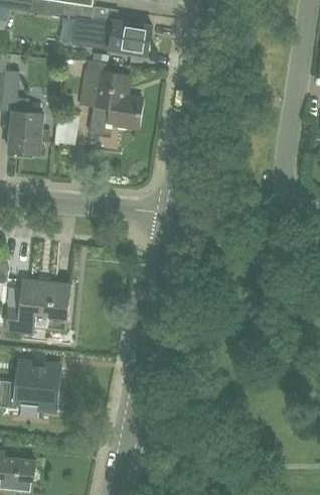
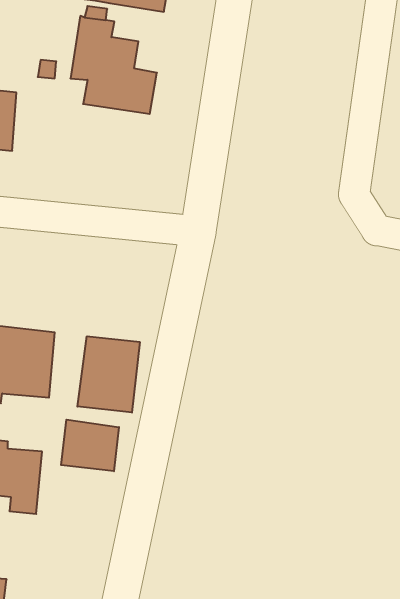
building: none -> [77,336,140,413]
building: none -> [61,420,119,471]

